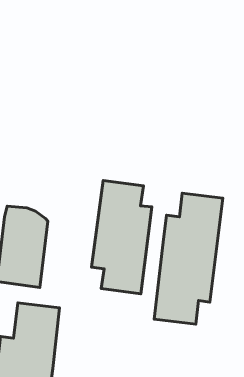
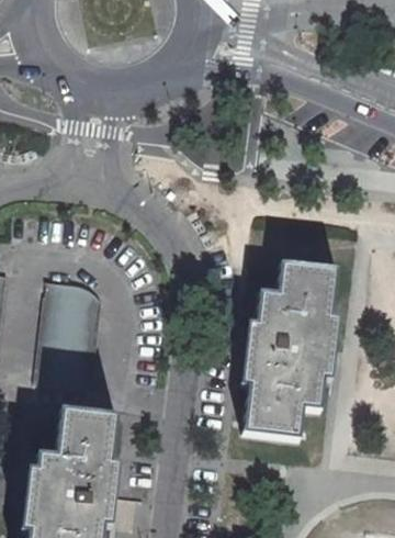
building: [92,181,152,294] -> none

